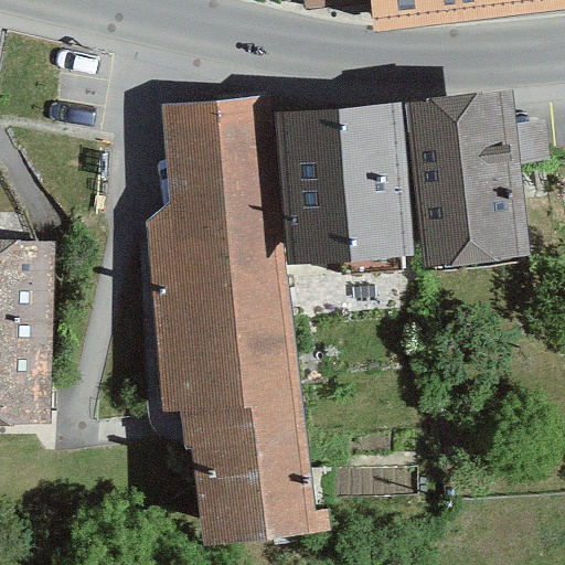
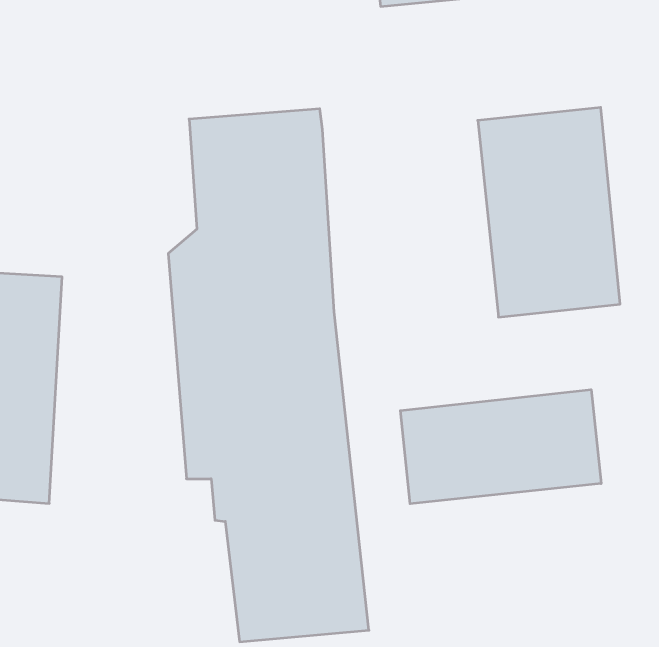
building: [275,102,411,266] -> none
building: none -> [400,390,601,504]

